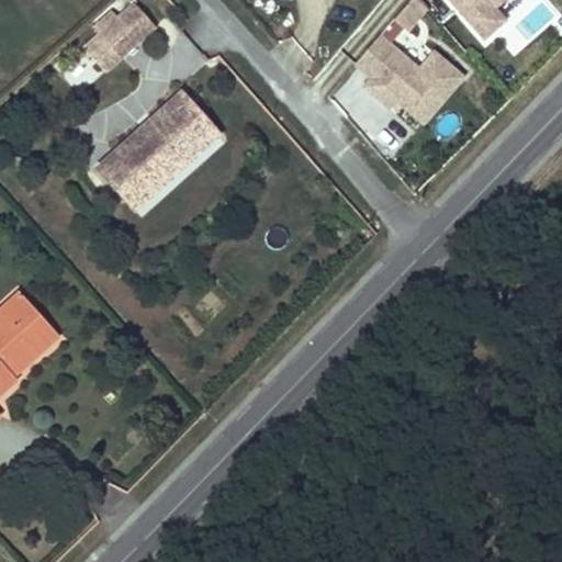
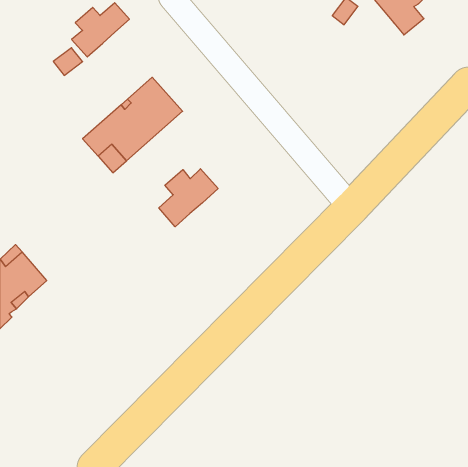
building: [358,36,465,127] -> none
building: none -> [159,169,218,227]

